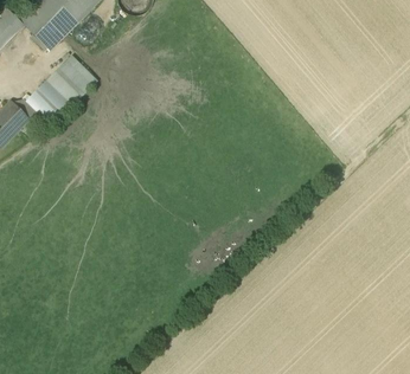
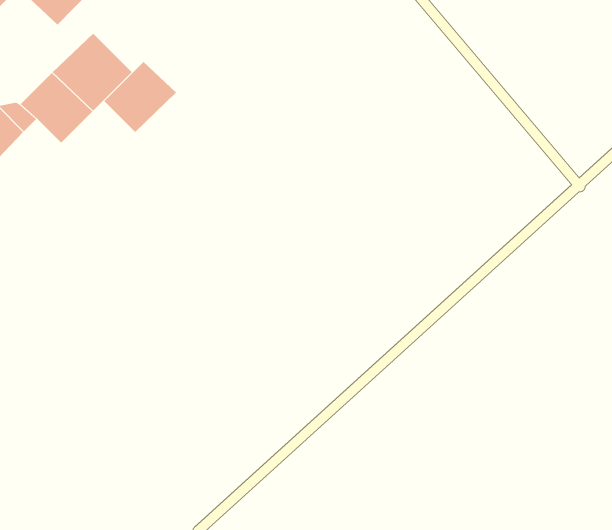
building: none -> [104,61,177,133]

